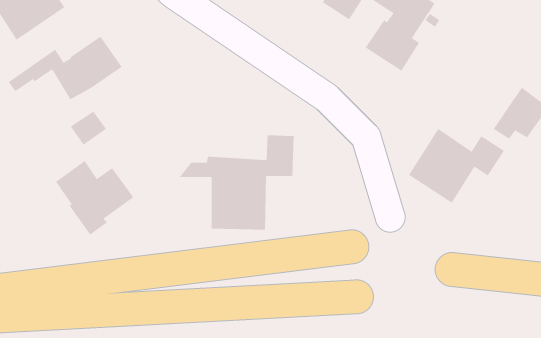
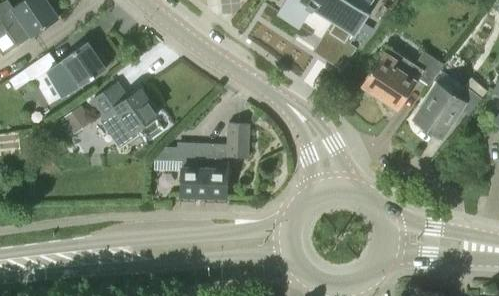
building: [408,128,505,203] -> [362,45,443,108]
building: [55,160,134,235] -> [92,83,158,146]

